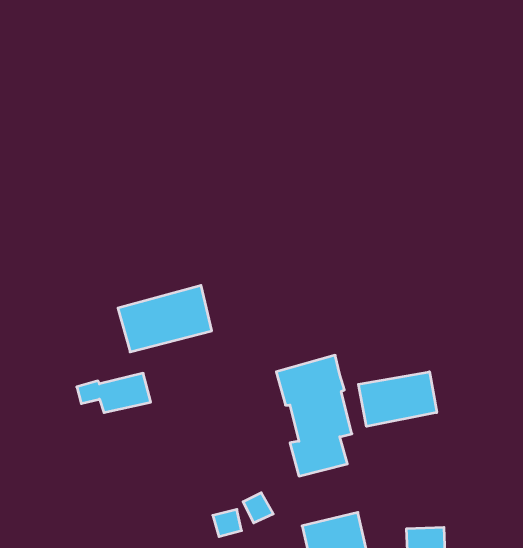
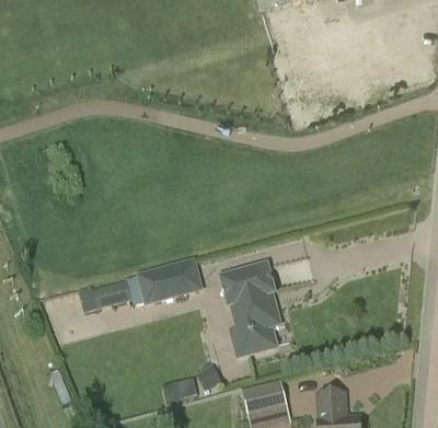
building: [118,285,212,352] -> [135,257,203,305]
building: [358,372,437,426] -> none

